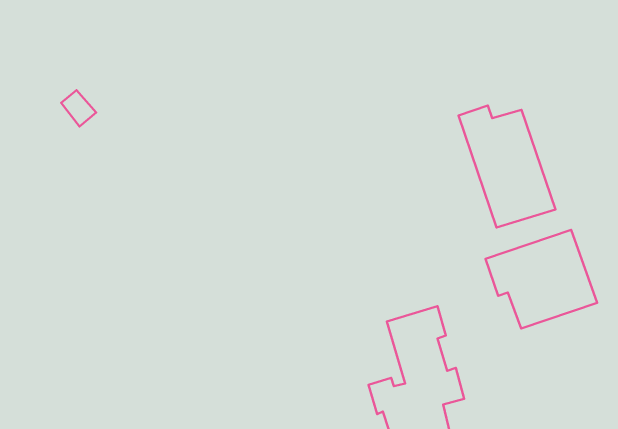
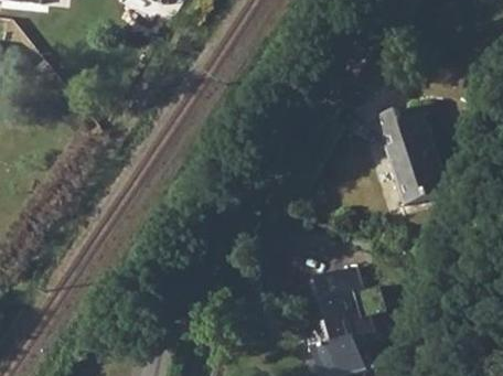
building: [486,230,597,328] -> none

